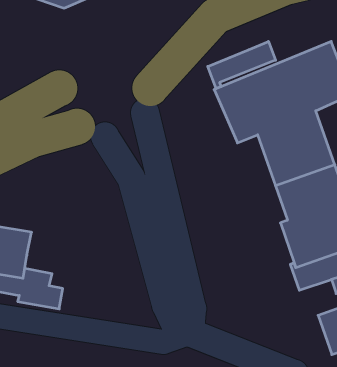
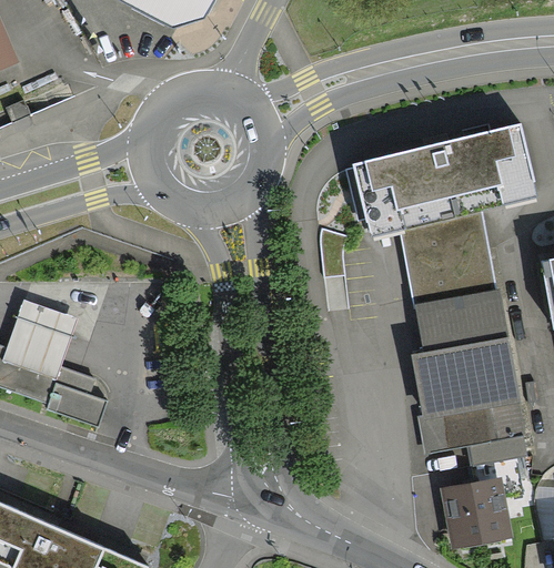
building: [208,41,276,89] -> none

